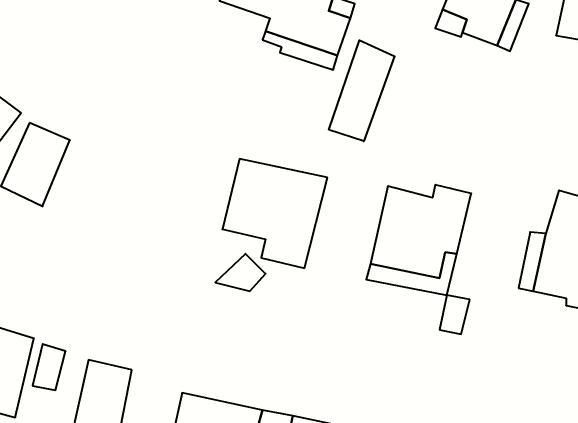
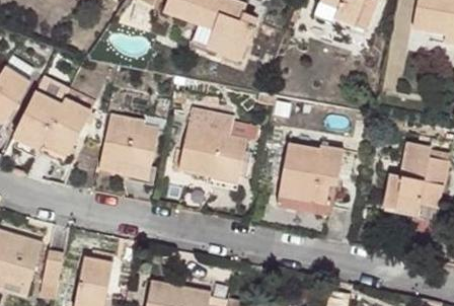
building: [329,40,395,141] -> none
building: none -> [48,92,96,160]
building: none -> [97,105,156,175]

